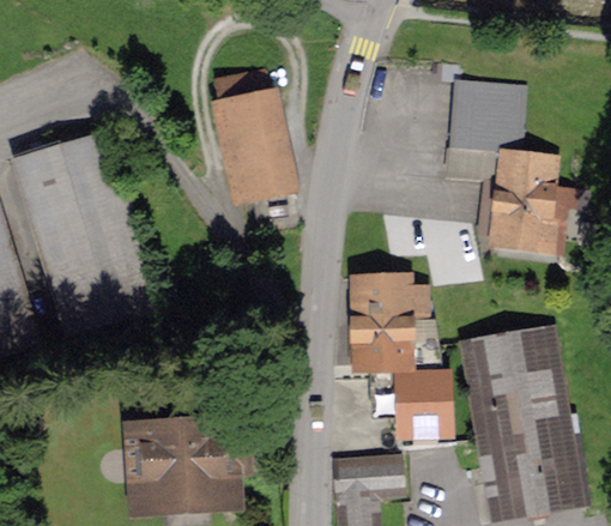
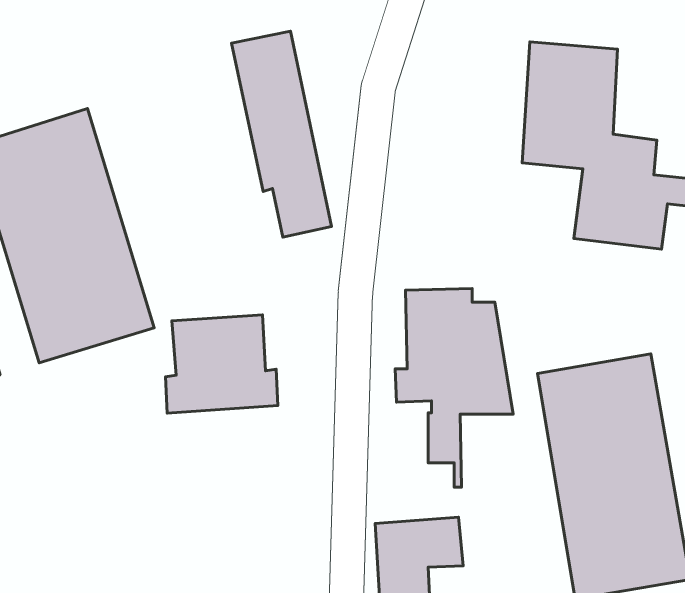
building: [399,373,442,431] -> none
building: [138,424,226,502] -> [166,315,278,413]

